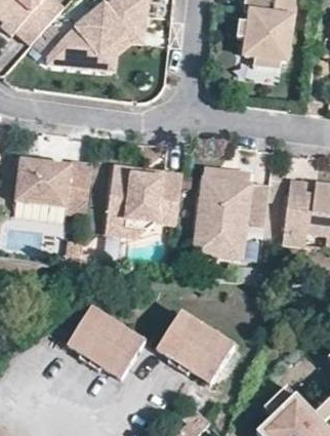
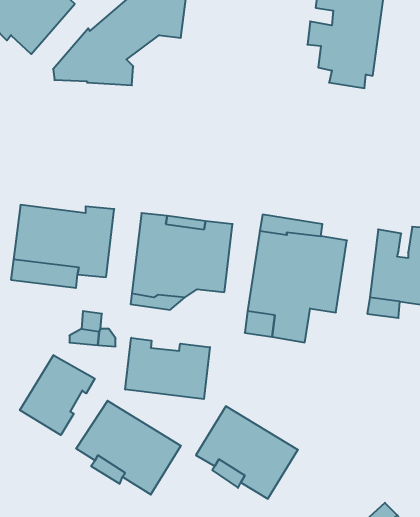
building: none -> [125,338,210,399]
building: none -> [20,355,95,435]

